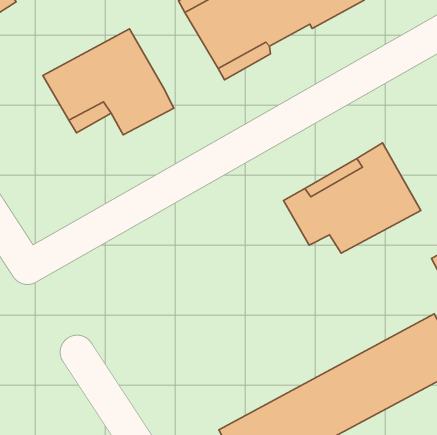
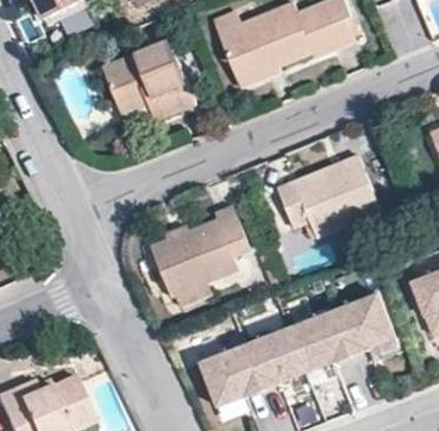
building: none -> [149,207,247,296]

